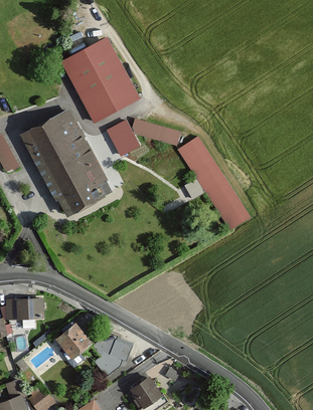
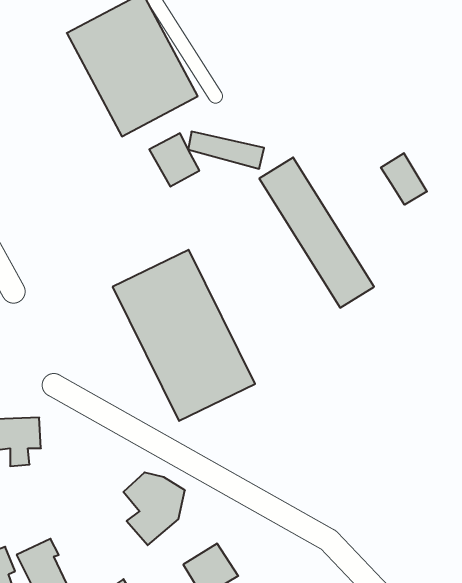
building: [21,109,110,215] -> [113,250,255,421]
building: none -> [381,153,427,205]
building: [54,323,91,358] -> none

